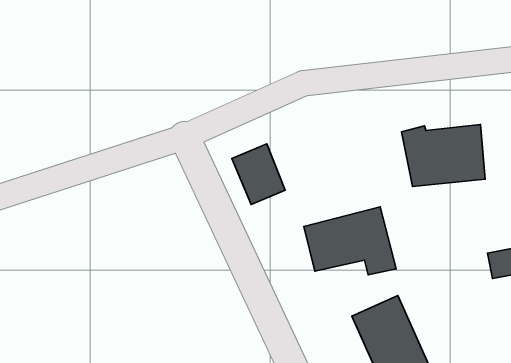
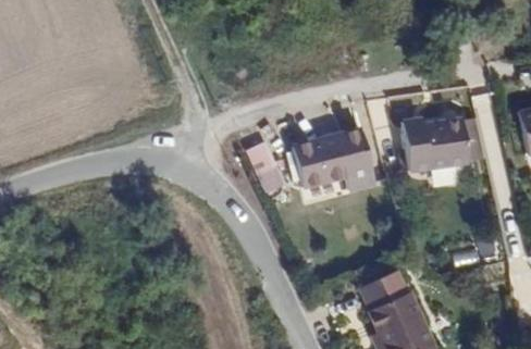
building: [304,207,396,275] -> [294,128,376,189]

